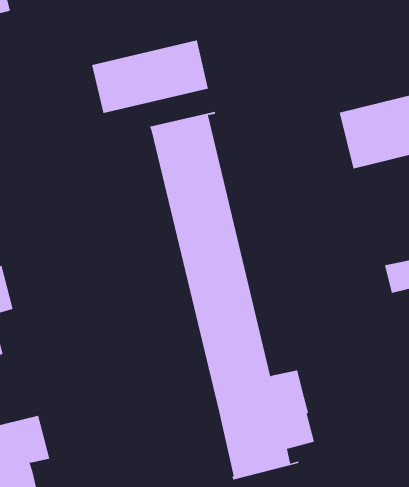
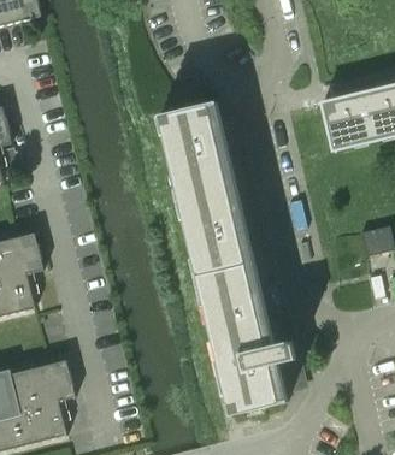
building: [92,40,208,114] -> none

